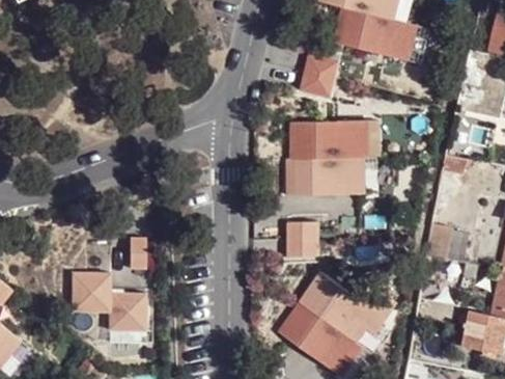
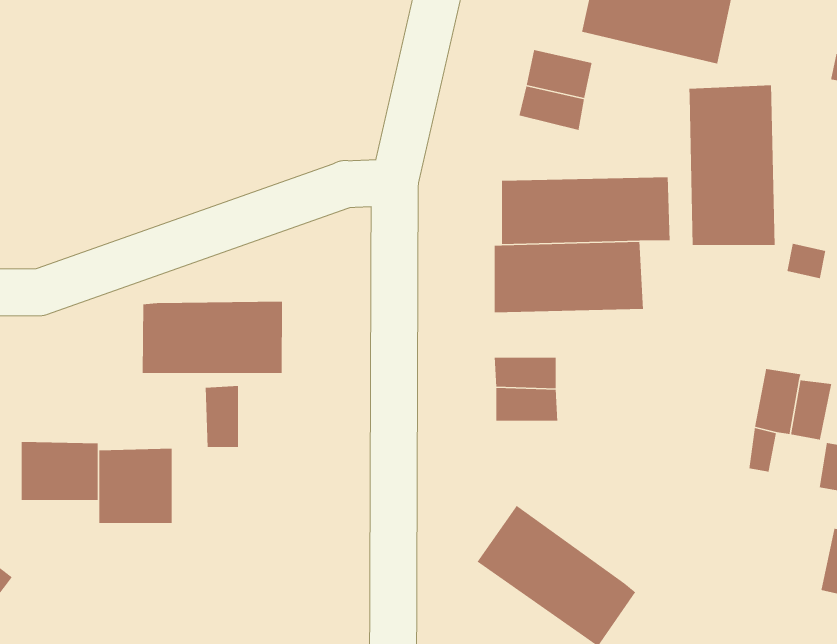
building: none -> [688,84,775,246]
building: none -> [142,301,283,374]
building: none -> [21,441,98,501]
building: [297,271,399,343] -> none
building: [109,291,145,328] -> none

